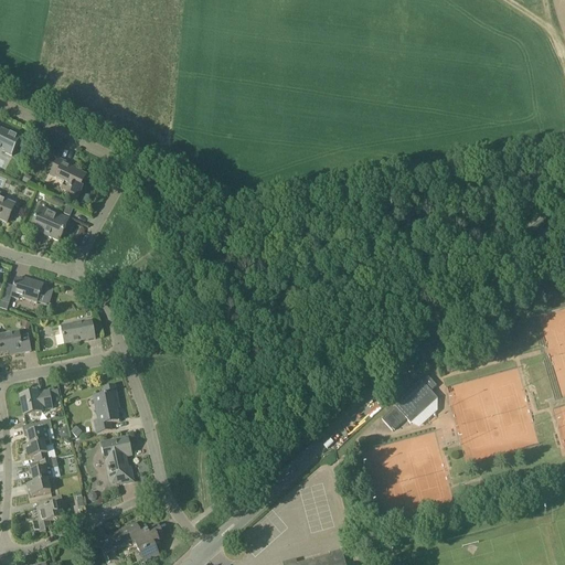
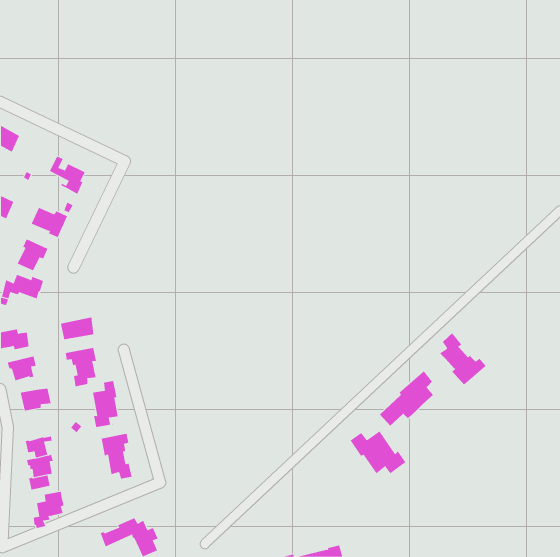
building: none -> [17,239,48,271]
building: none -> [439,333,486,386]
building: none -> [65,347,96,387]
building: [22,418,52,444] -> [7,356,36,381]
building: none -> [350,430,406,477]

